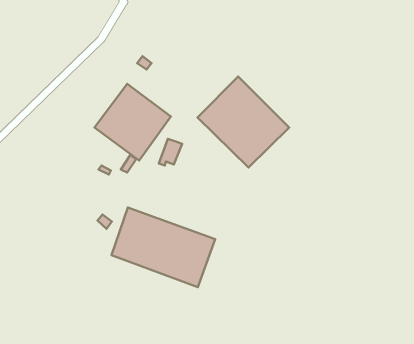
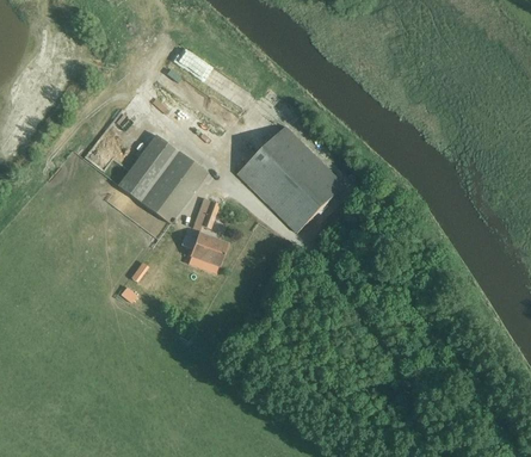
building: none -> [190,231,228,266]
building: [111,207,215,287] -> none

